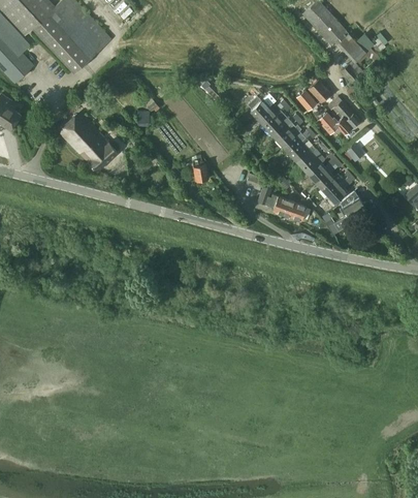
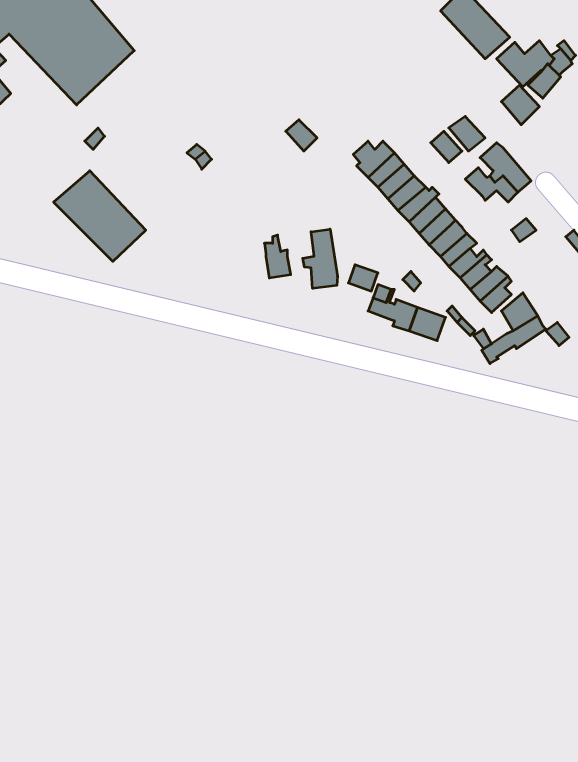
building: none -> [303,229,337,288]

